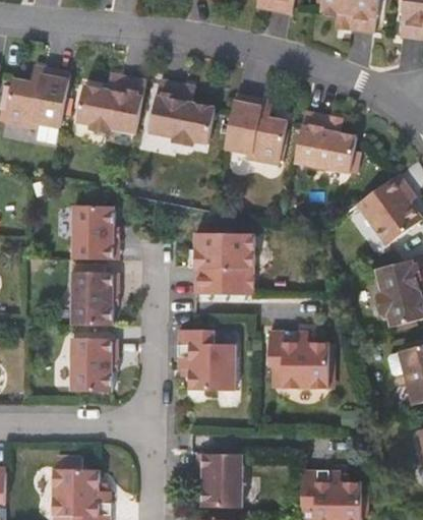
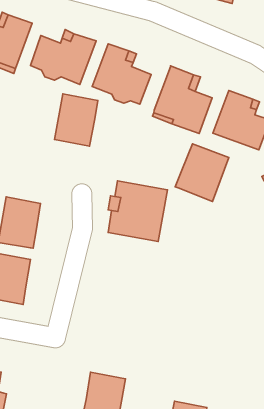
building: none -> [175,144,229,202]
building: [73,208,115,262] -> [55,94,98,146]
building: [267,330,326,387] -> none
building: [177,331,233,391] -> none

